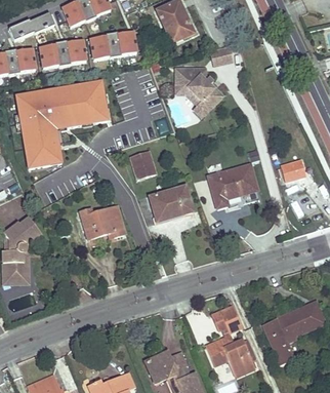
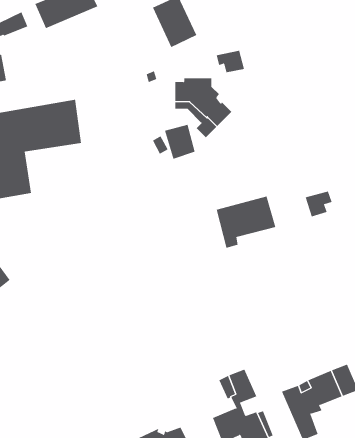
building: [89,31,138,62] -> none
building: [38,40,88,70] -> none
building: [130,150,156,179] -> [164,124,196,159]
building: [150,185,194,218] -> none
building: [81,206,125,239] -> none

